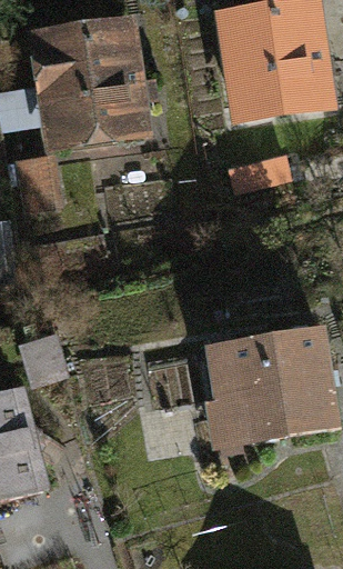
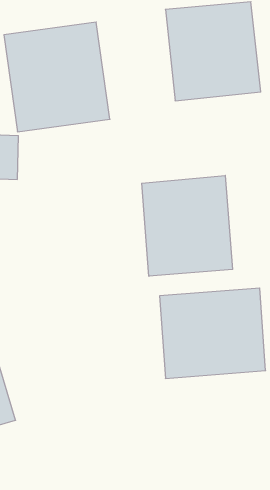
building: none -> [142,175,233,276]

